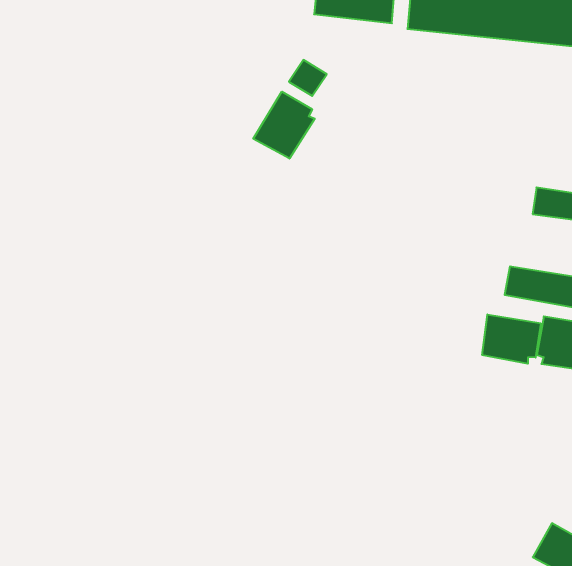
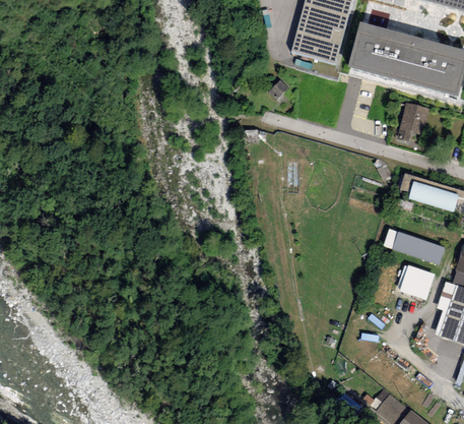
building: none -> [397,103,428,138]
building: [253,92,315,159] -> none
building: [482,314,541,364] -> none

